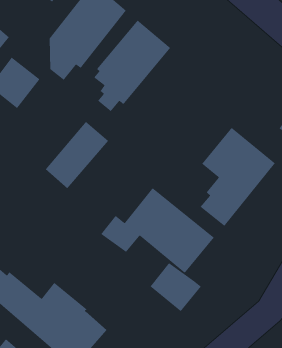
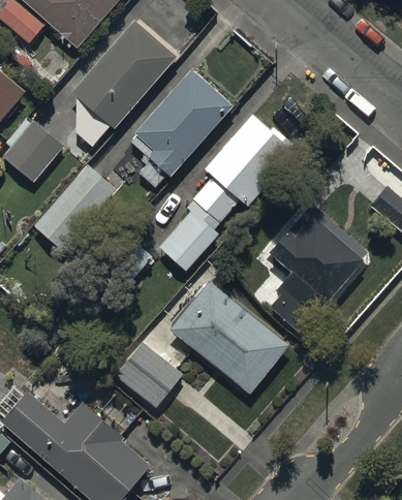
building: none -> [159,113,296,271]
building: [45,121,109,189] -> [33,163,116,251]
building: [150,262,202,312] -> [116,343,183,407]

